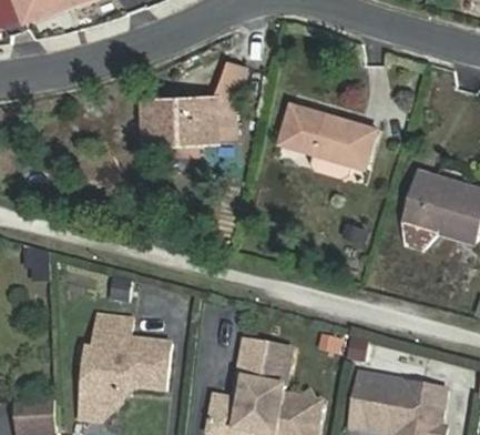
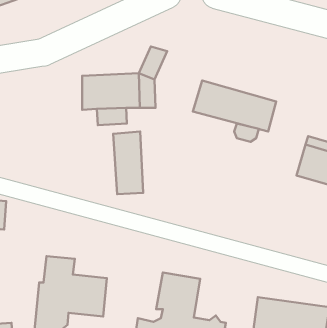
building: none -> [113,132,143,194]

